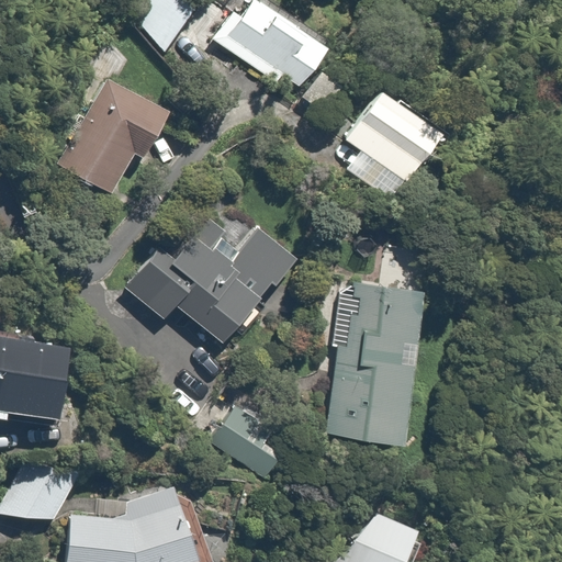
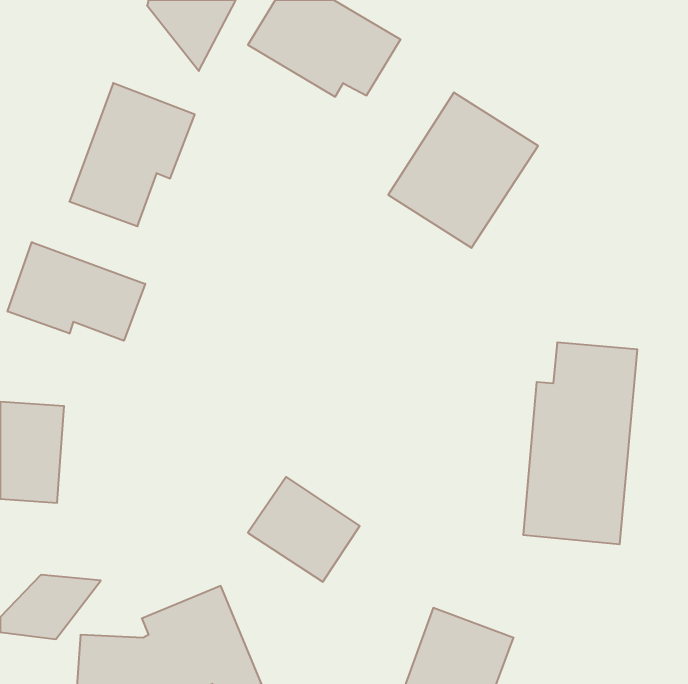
building: none -> [8,242,145,341]
building: [116,215,302,346] -> none
building: [328,284,420,447] -> [523,343,637,544]

